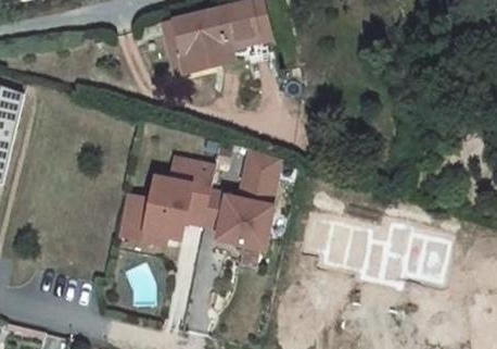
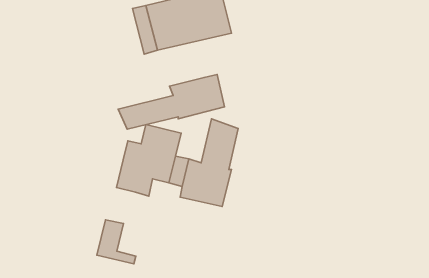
building: none -> [118,75,225,129]
building: [117,189,162,239] -> [97,220,136,264]

